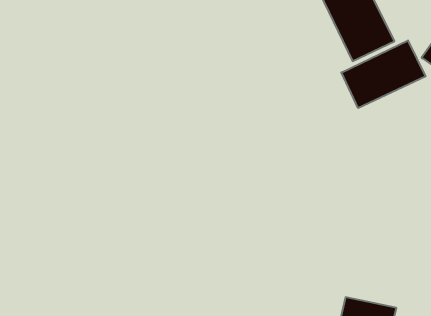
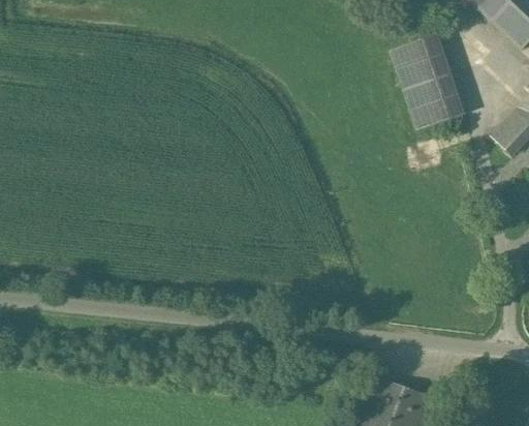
building: [341,40,425,108] -> none

